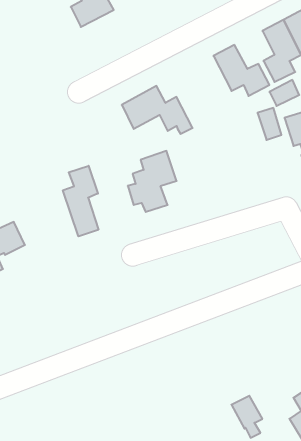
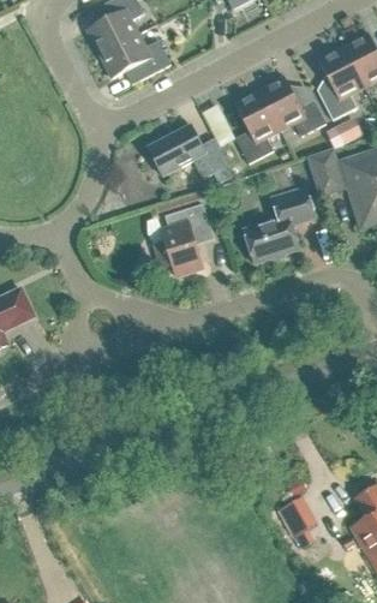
building: none -> [98,32,170,84]
building: none -> [233,88,280,163]
building: none -> [244,185,316,263]
building: [63,166,98,236] -> none

